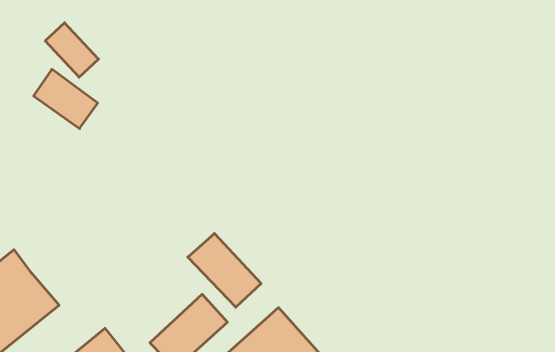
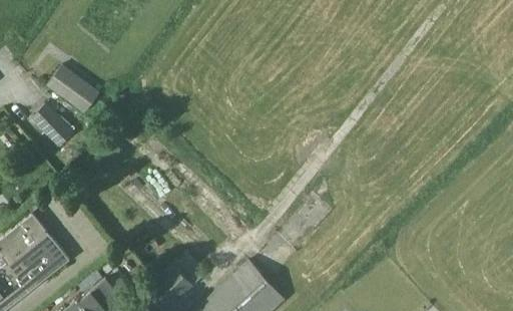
building: [45,23,99,77] -> [29,103,73,148]
building: [188,233,261,307] -> none

